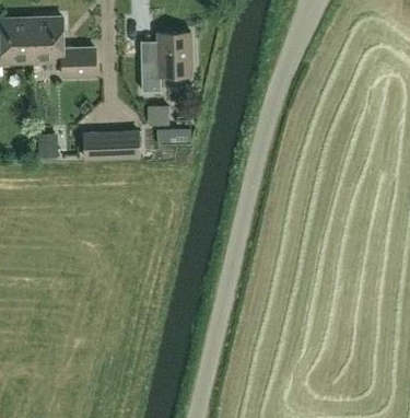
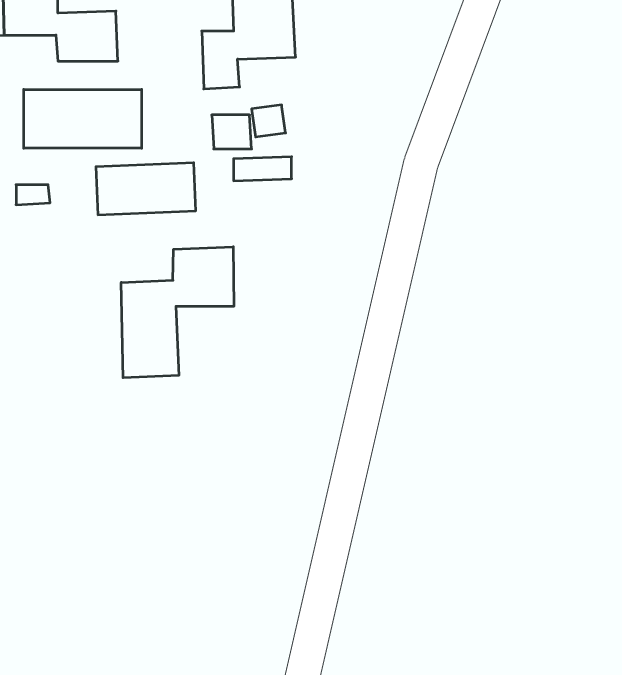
building: none -> [24,89,142,148]
building: none -> [121,247,234,378]

